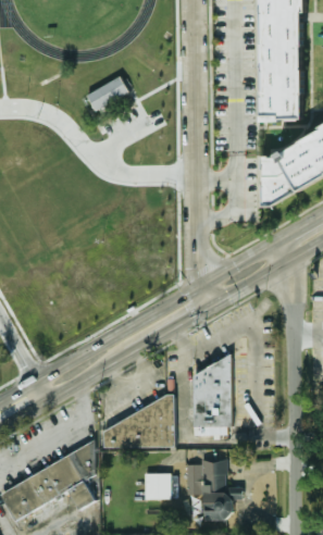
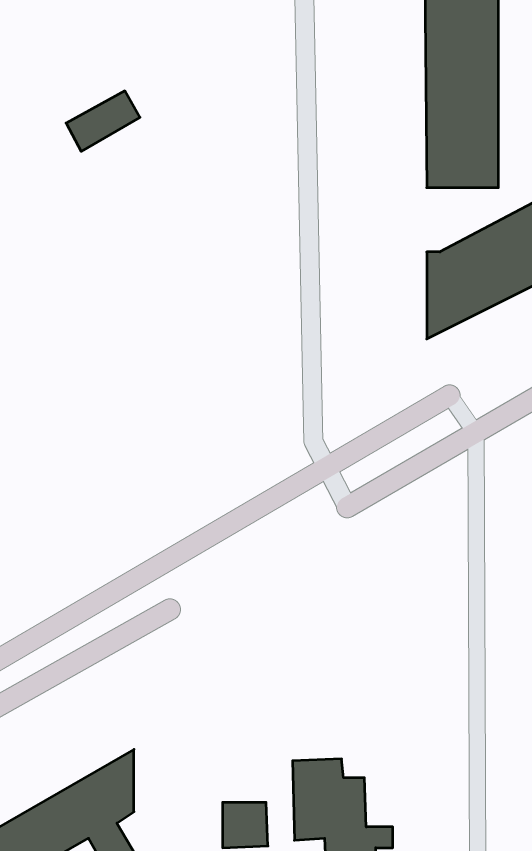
building: [86,75,128,110] -> [66,91,140,151]
building: [190,354,228,437] -> none
building: [100,395,172,449] -> none

